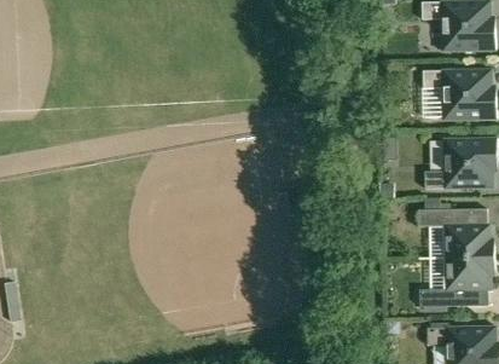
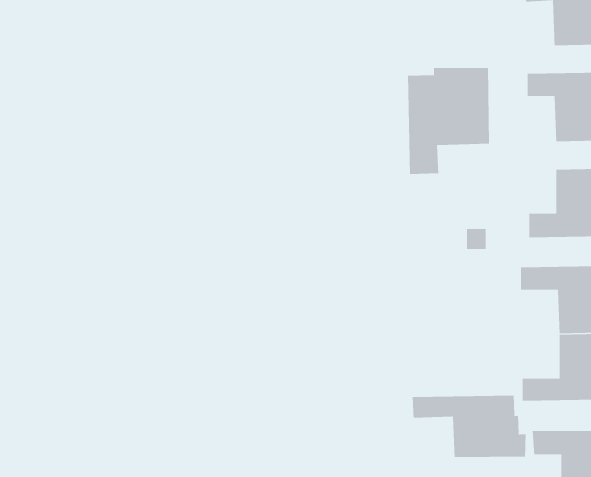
building: none -> [407,67,490,175]
building: none -> [412,395,527,458]

